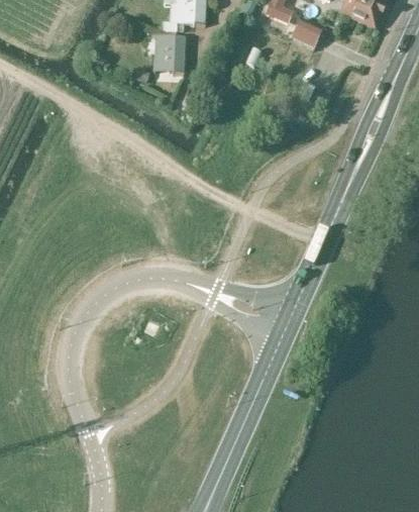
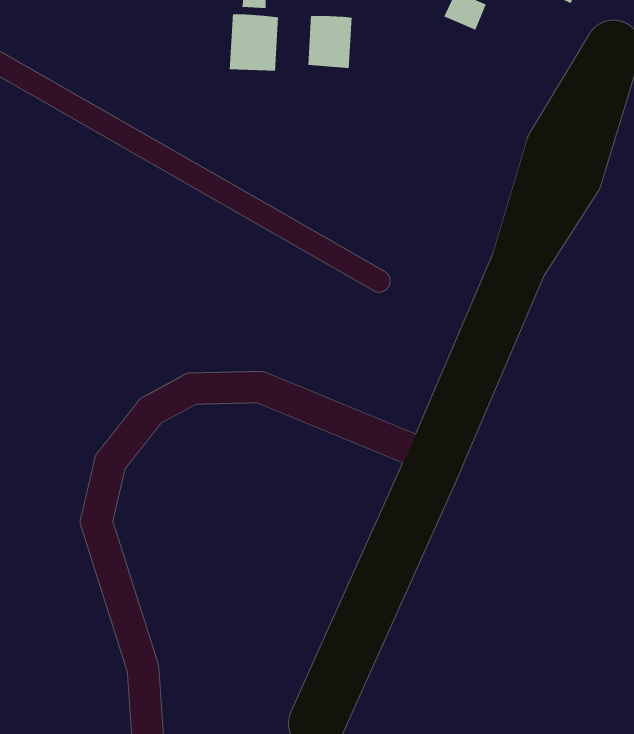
building: none -> [307,15,352,69]

